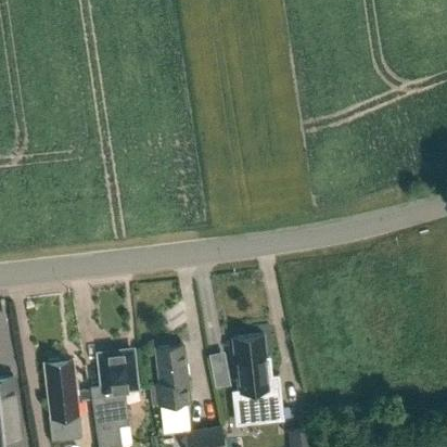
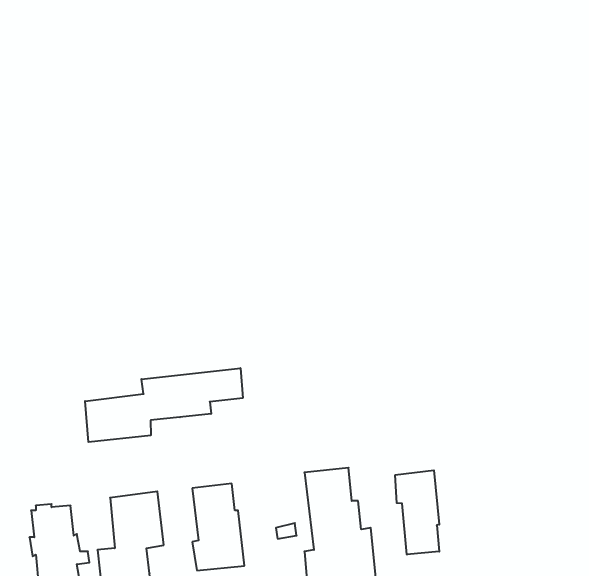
building: none -> [85,368,243,442]
building: none -> [395,470,439,555]

